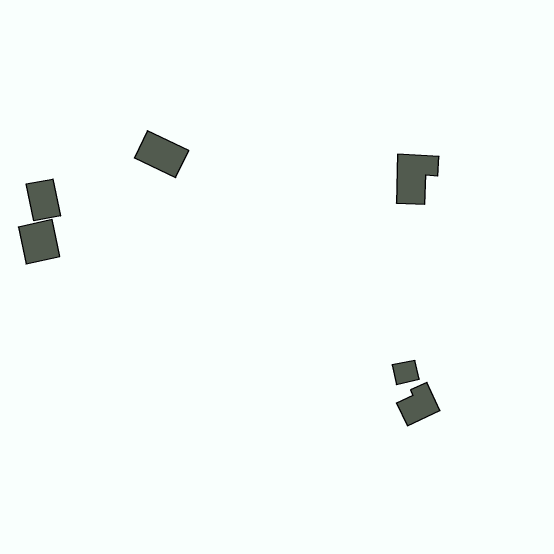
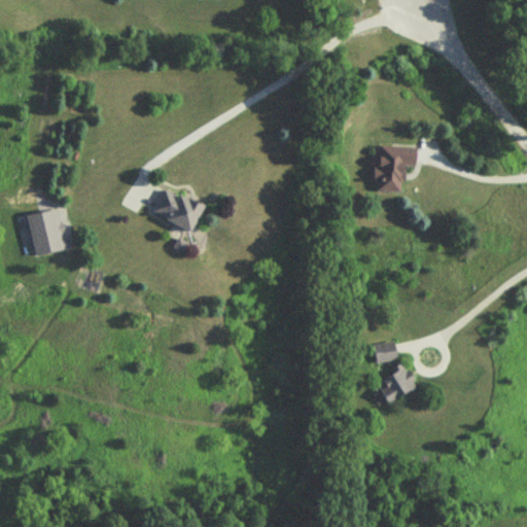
building: [134,131,189,178] -> [152,188,204,233]
building: [26,179,60,221] -> none

